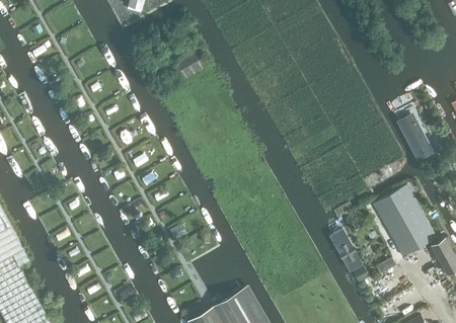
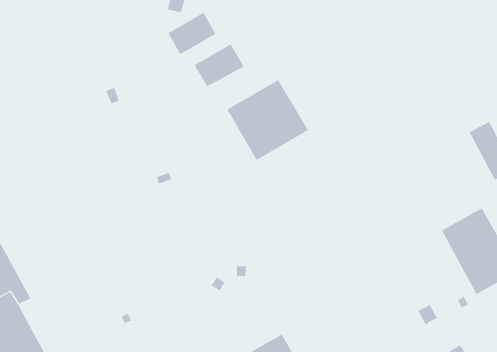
building: none -> [167,12,216,55]
building: none -> [227,79,309,160]
building: [328,230,361,272] -> none

